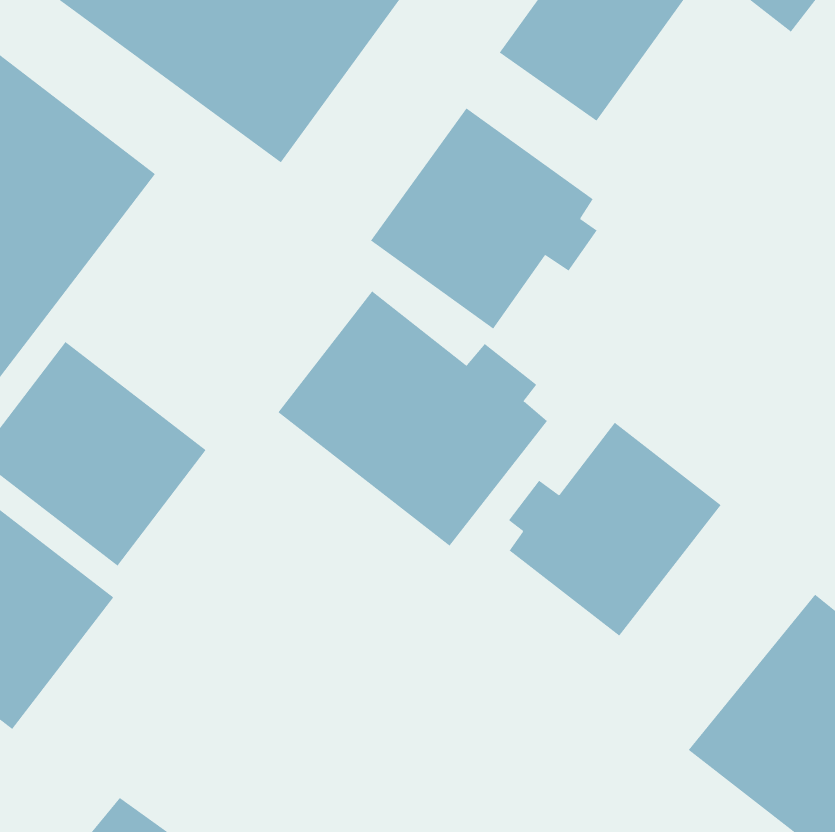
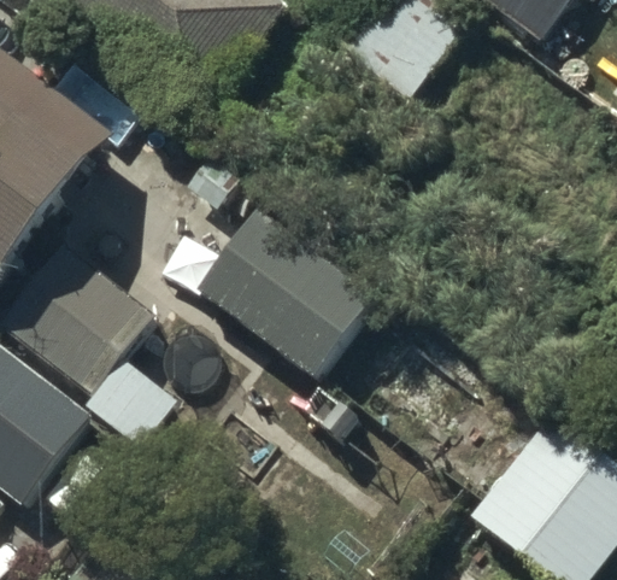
building: [370,108,597,330] -> none
building: [508,422,721,636] -> none

